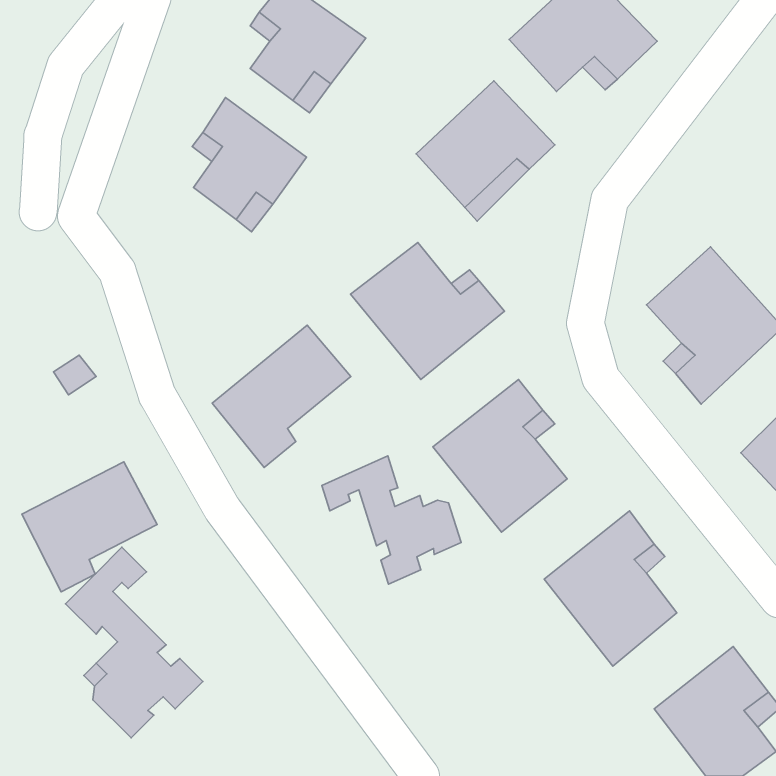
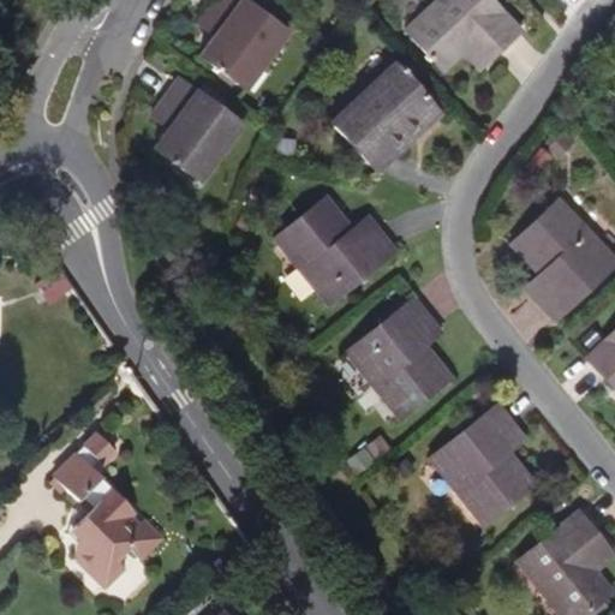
building: [212,325,351,467] -> none
building: [322,456,461,584] -> none
building: [22,462,157,592] -> none

